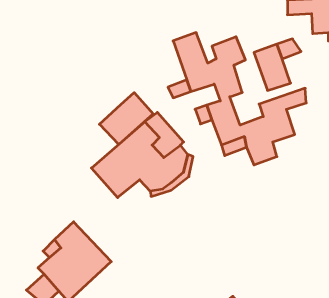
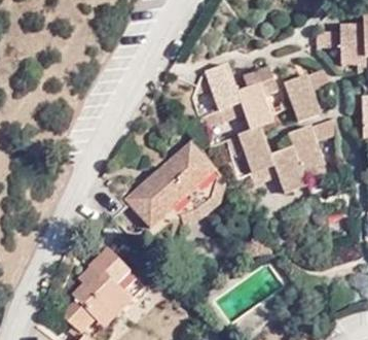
building: [99,93,153,144] -> none

